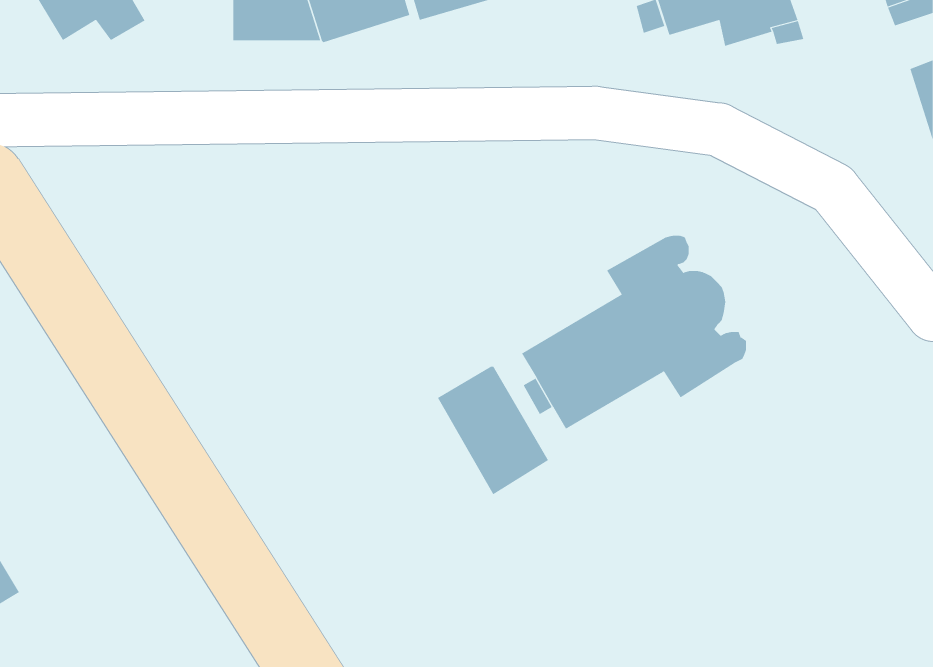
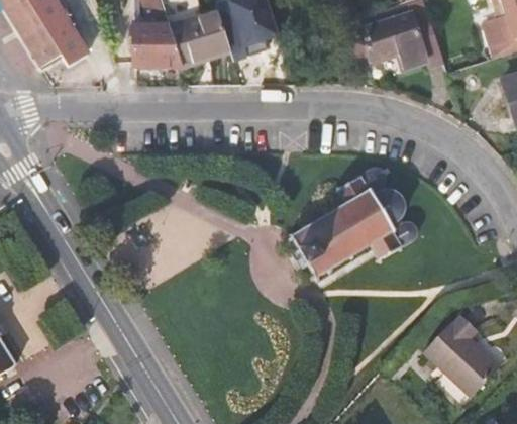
building: [437,366,549,495] -> none
building: none -> [425,315,499,395]

